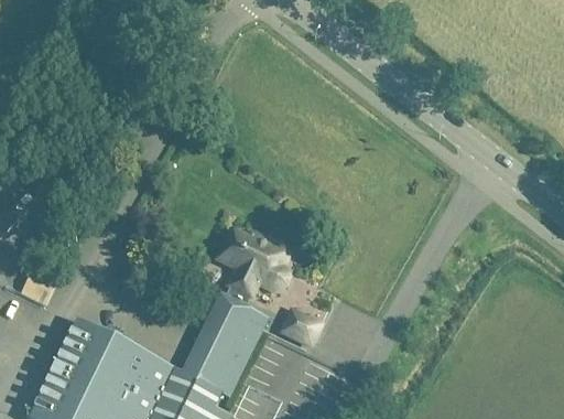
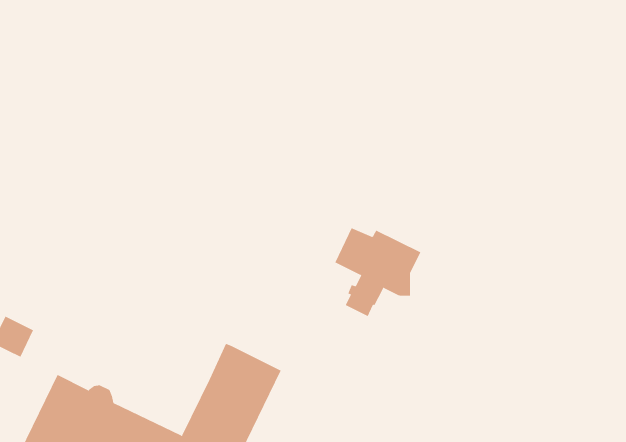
building: [217,228,291,304] -> [334,227,421,317]

